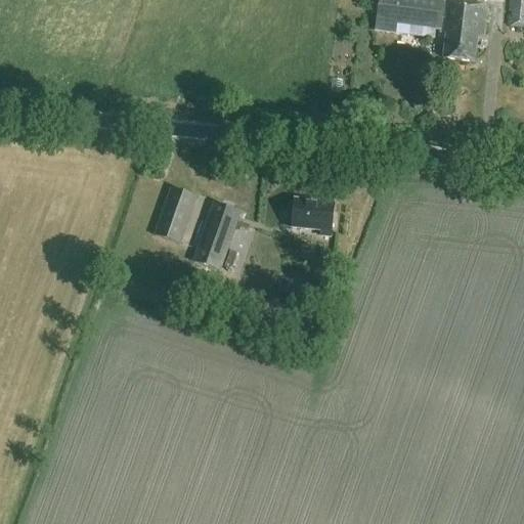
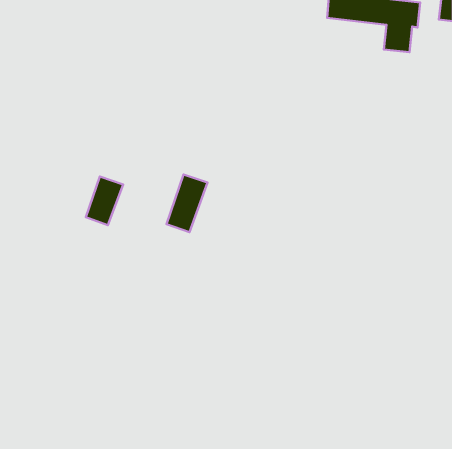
building: [155,187,198,244] -> [86,177,123,225]
building: [292,198,334,235] -> none

